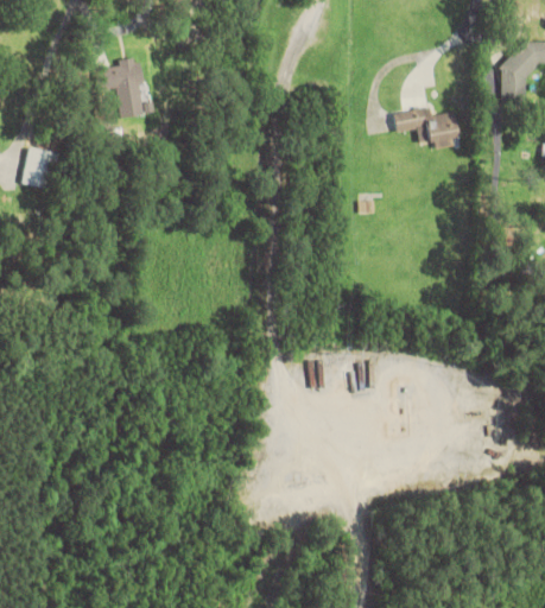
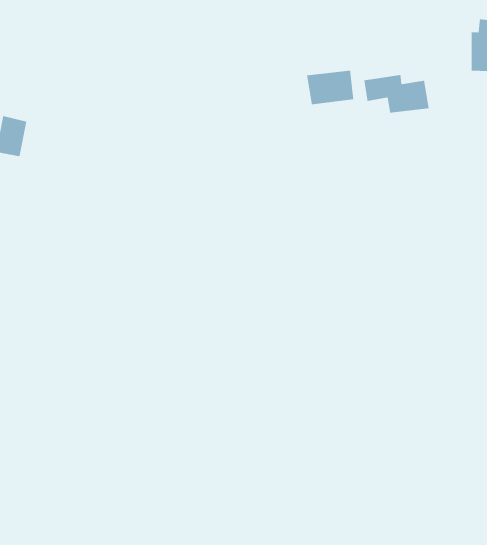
building: [96,62,144,116] -> none
building: none -> [307,70,354,105]

